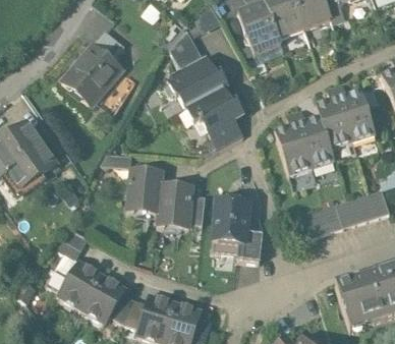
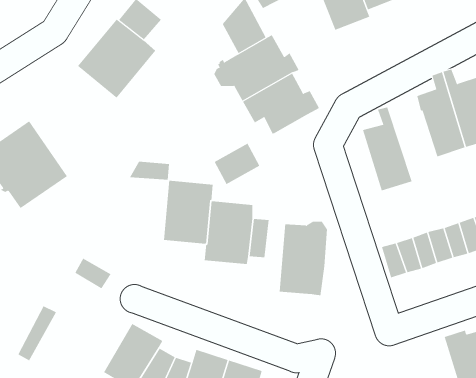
building: [295,109,336,168] -> none
building: [210,118,244,150] -> [214,143,260,185]
building: [238,231,264,261] -> none
building: [50,252,104,310] -> none

